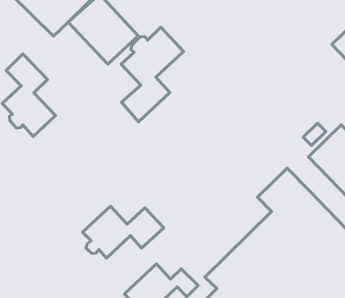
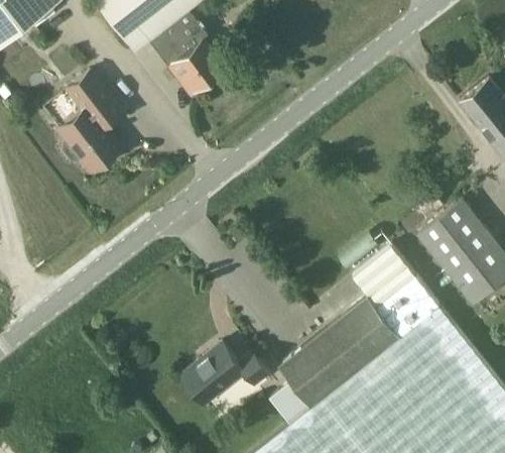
building: [121,27,184,122] -> none
building: [83,206,164,258] -> none

